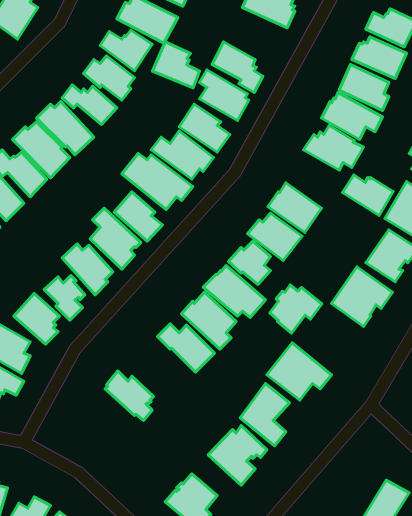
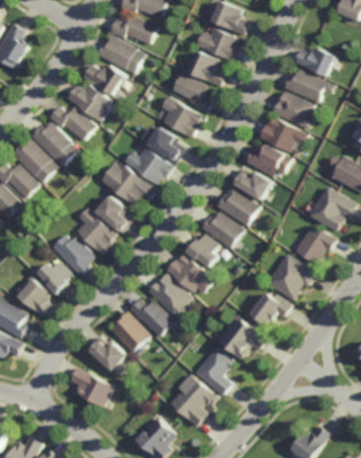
building: [152,42,199,88] -> [187,52,224,88]
building: [342,175,393,216] -> [231,167,271,199]
building: [270,285,322,333] -> [249,290,290,329]
building: none -> [108,310,149,353]
building: none -> [67,367,111,407]

